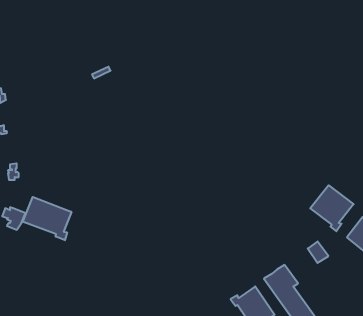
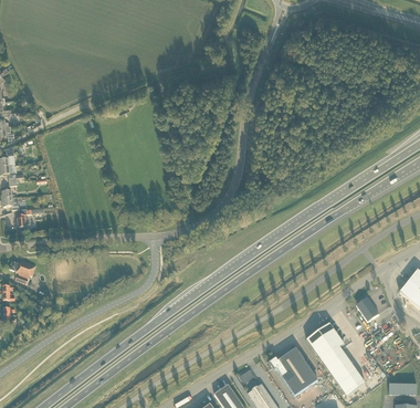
building: [310,185,354,231] -> none
building: [23,197,71,240] -> none

